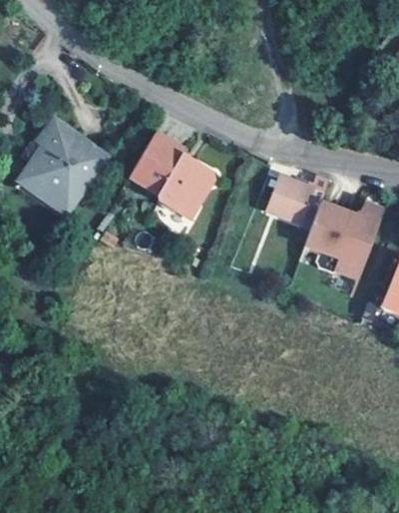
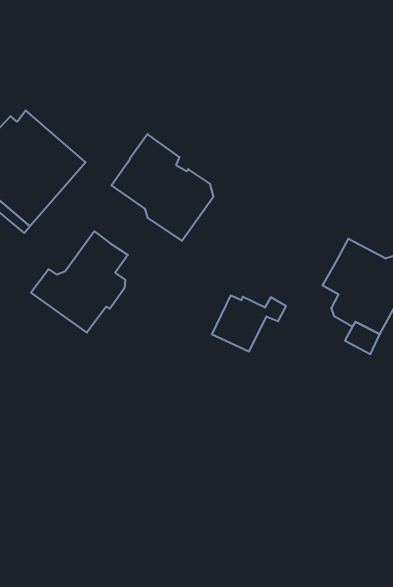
building: [267,175,325,221] -> [212,295,286,351]
building: none -> [31,231,128,333]

